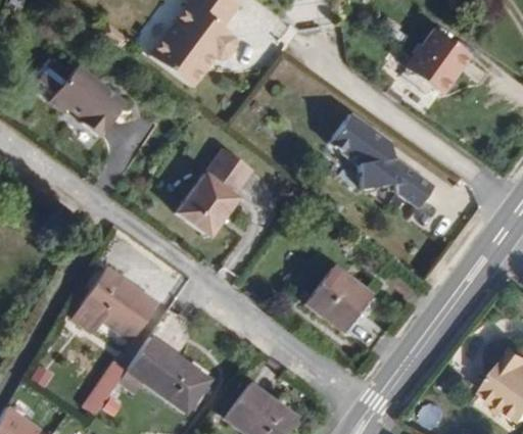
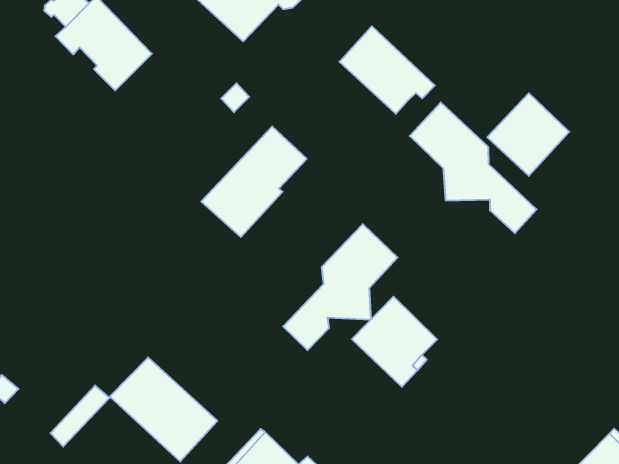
building: [407,30,469,93] -> [487,93,569,176]
building: none -> [339,26,435,114]
building: none -> [283,224,397,350]
building: [81,268,157,340] -> none

